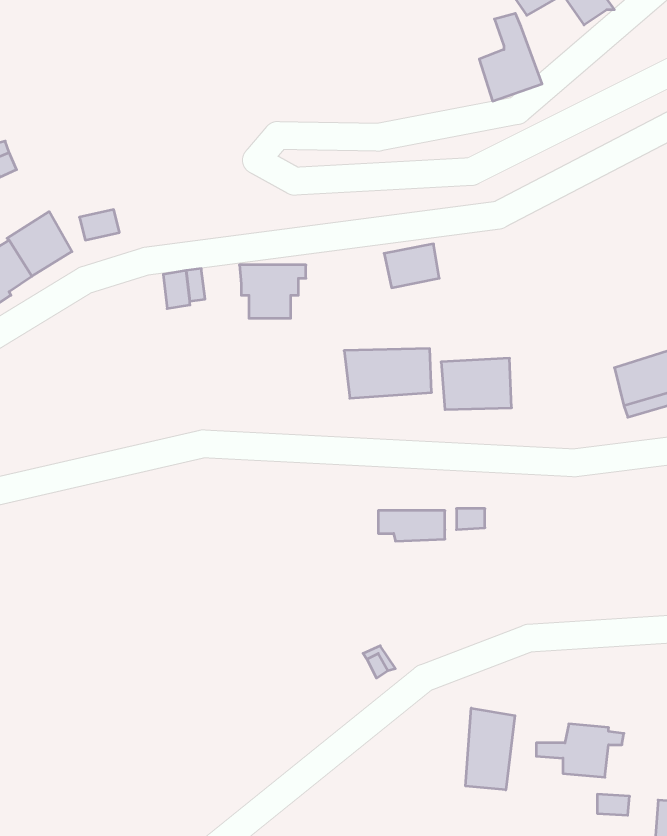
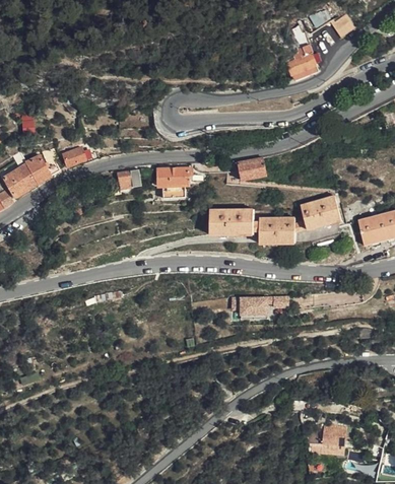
building: none -> [306,197,345,231]
building: [466,708,515,790] -> none

